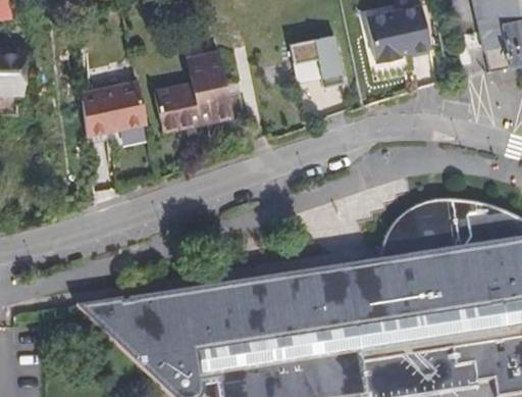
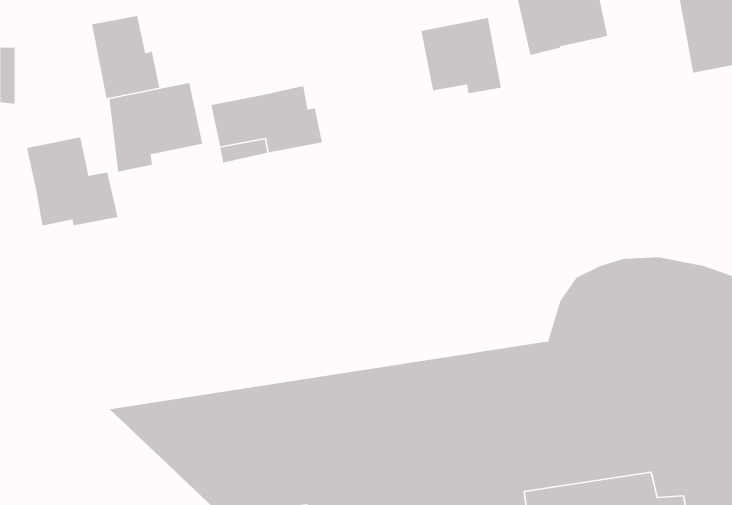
building: none -> [91,15,160,99]
building: [185,53,225,96] -> none
building: none -> [26,137,118,226]

